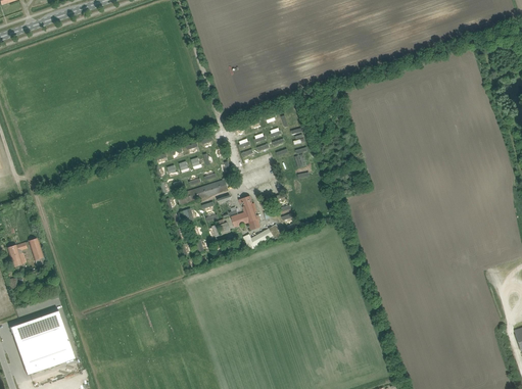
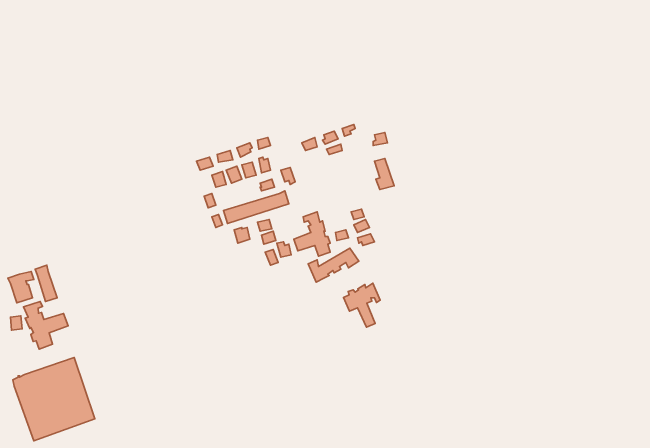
building: none -> [344,283,380,327]
building: none -> [24,301,68,349]

